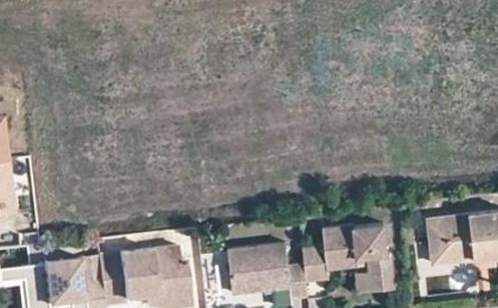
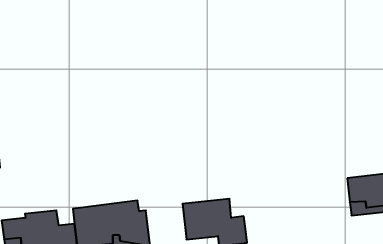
building: [301,223,395,289] -> none

